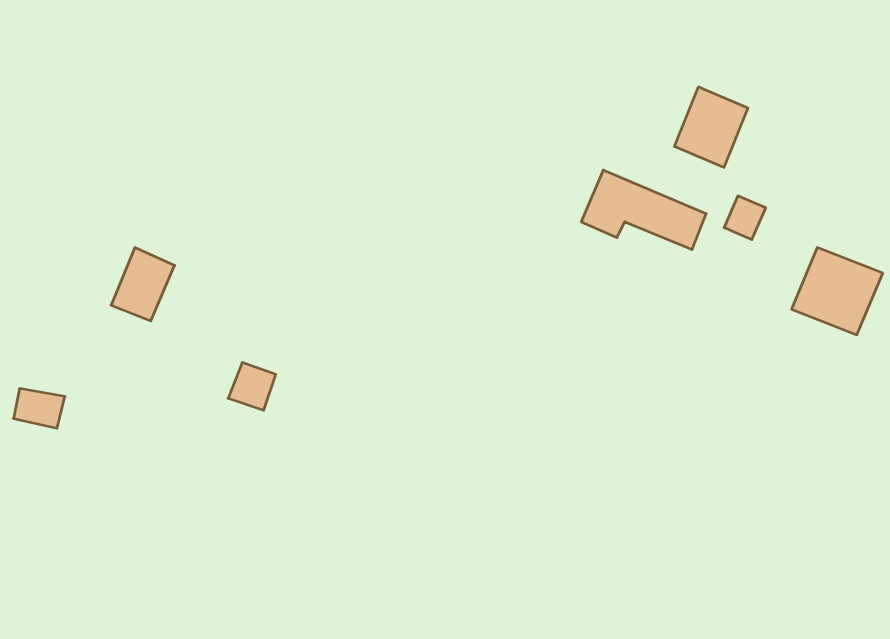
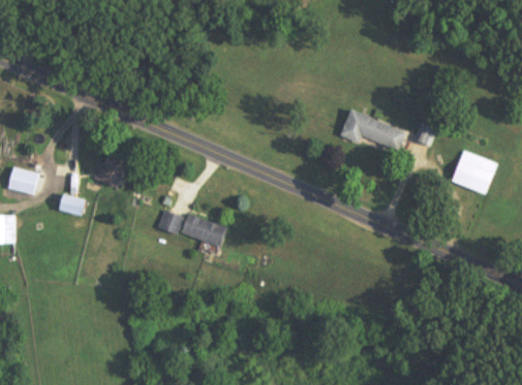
building: [675,87,748,167] -> none
building: none -> [179,214,225,246]
building: [13,389,65,428] -> [58,194,85,215]

